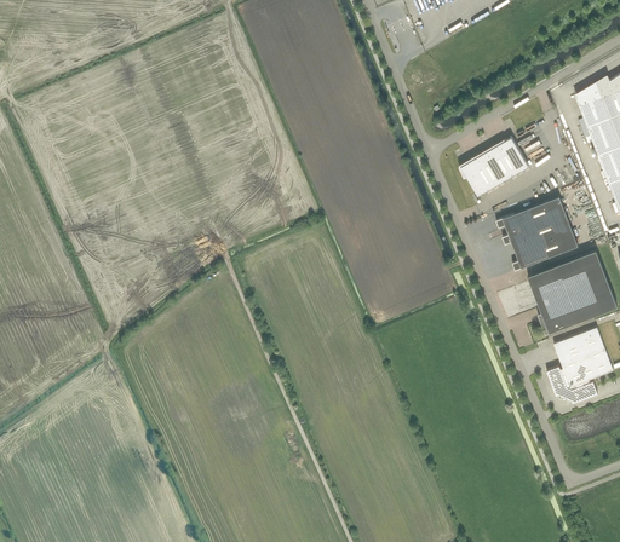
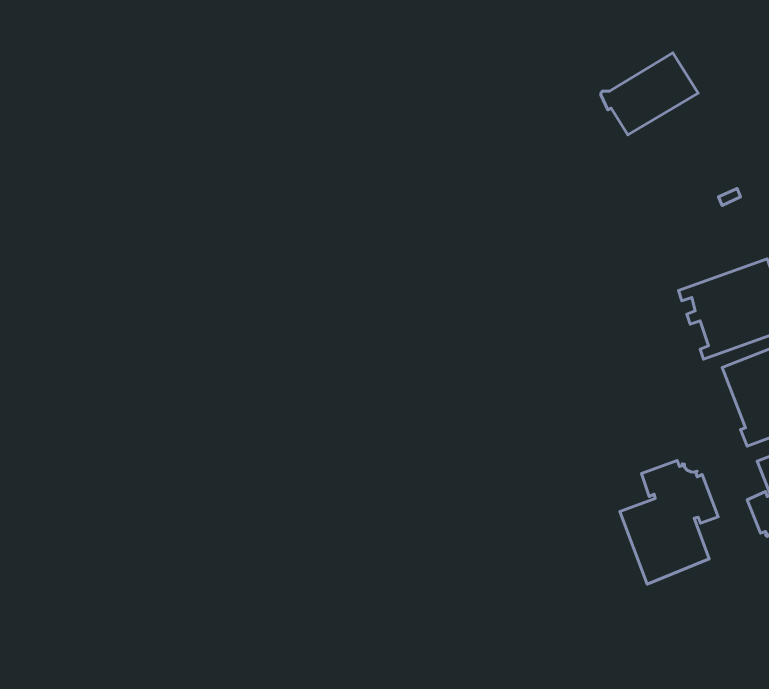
building: [459,137,529,196] -> [601,53,698,135]
building: none -> [620,461,718,584]

